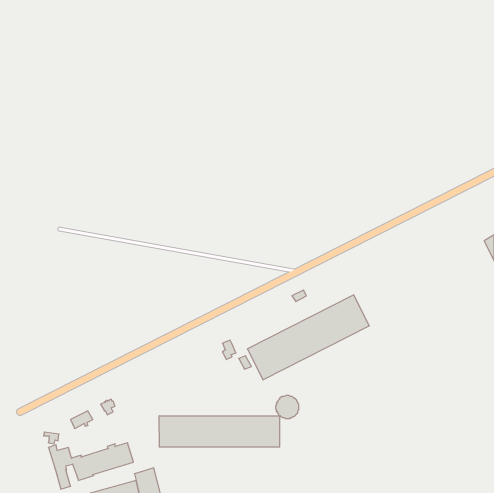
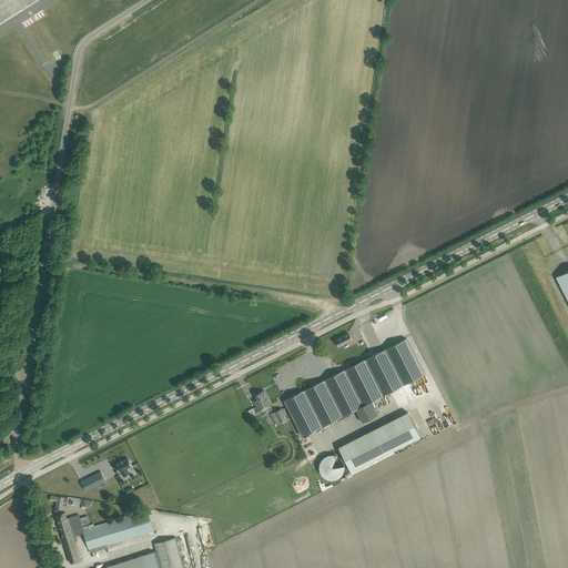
building: none -> [338,413,420,473]
building: [159,416,280,447] -> none

